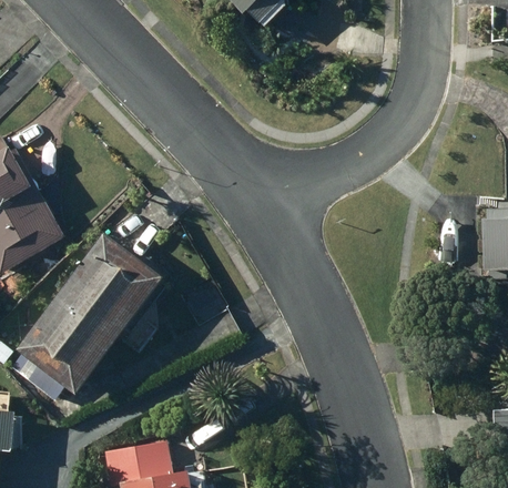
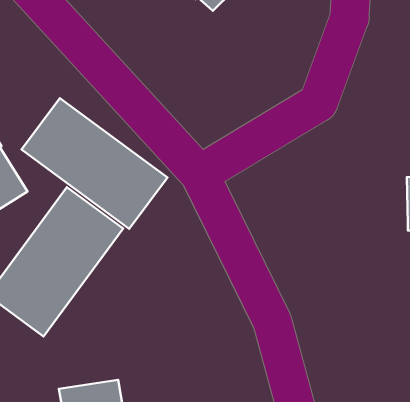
building: none -> [22,98,167,229]

